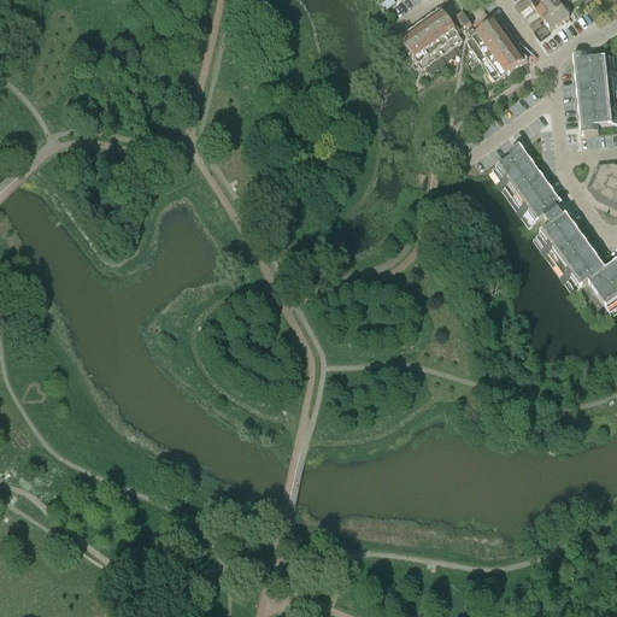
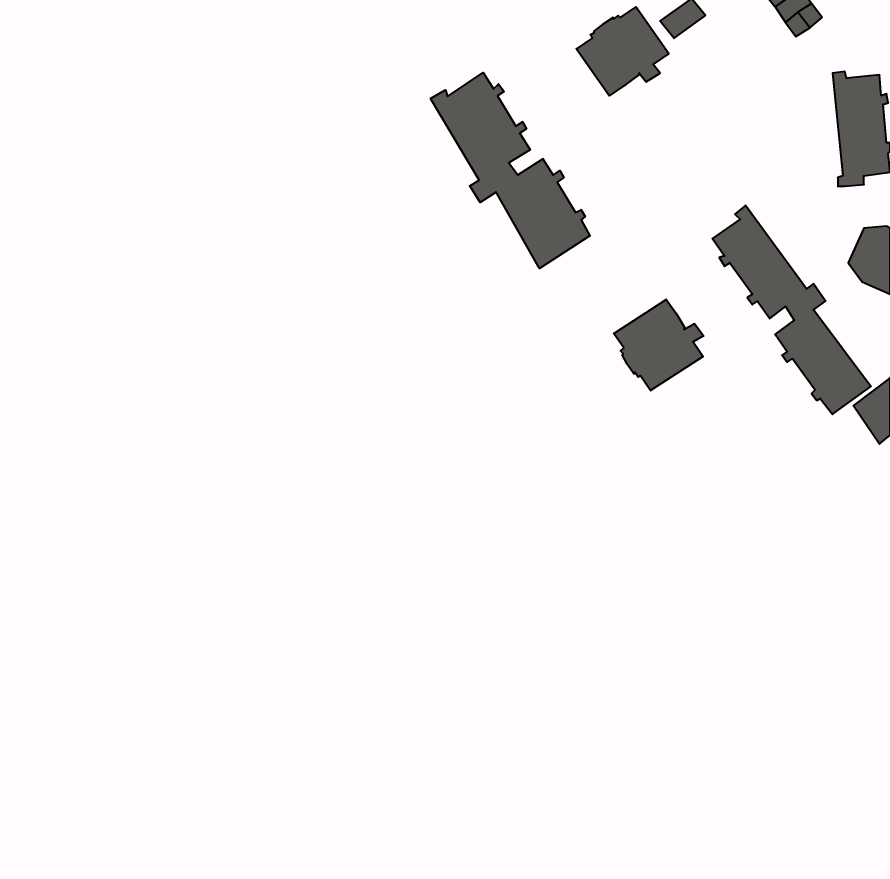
building: [466,14,527,78] -> none
building: none -> [431,73,590,268]
building: none -> [614,299,704,391]

